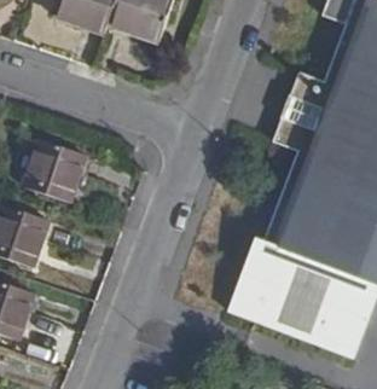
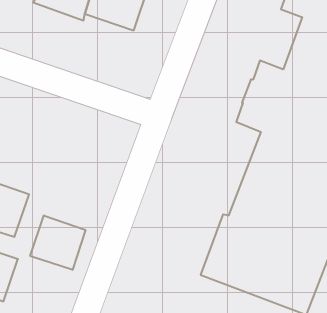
building: [27,139,89,203] -> none
building: none -> [30,215,85,270]

